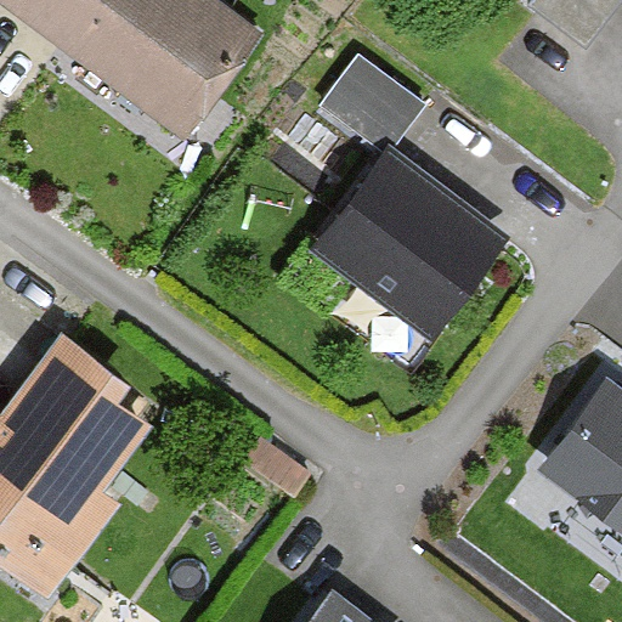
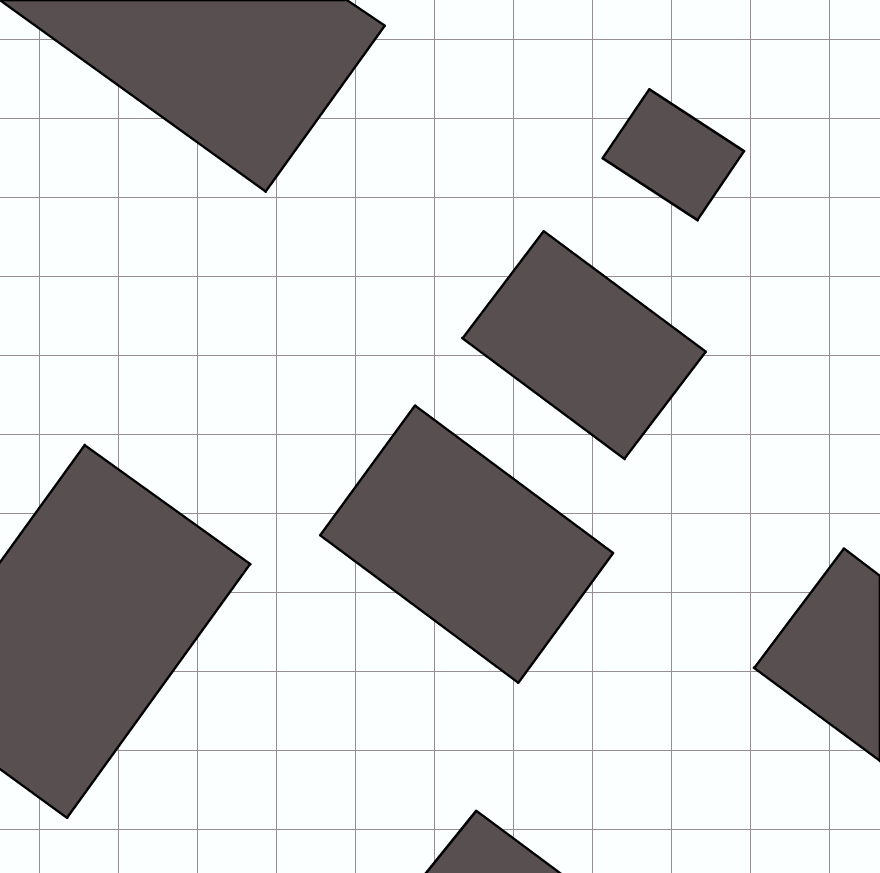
building: [324,50,424,142] -> [603,89,744,220]
building: none -> [320,406,613,683]

